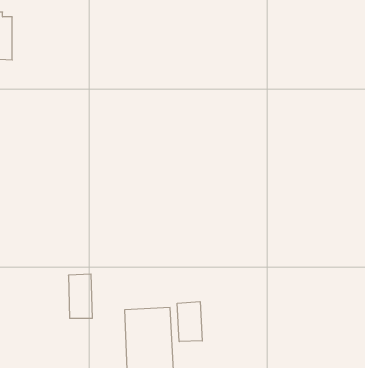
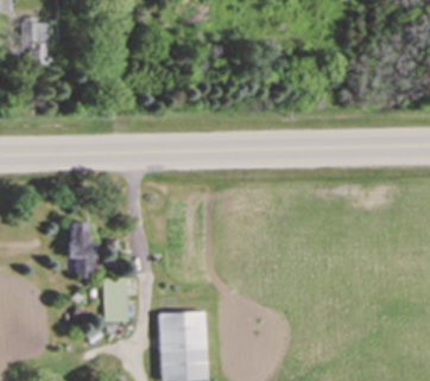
building: none -> [70,222,96,278]
building: [177,302,202,342] -> none

